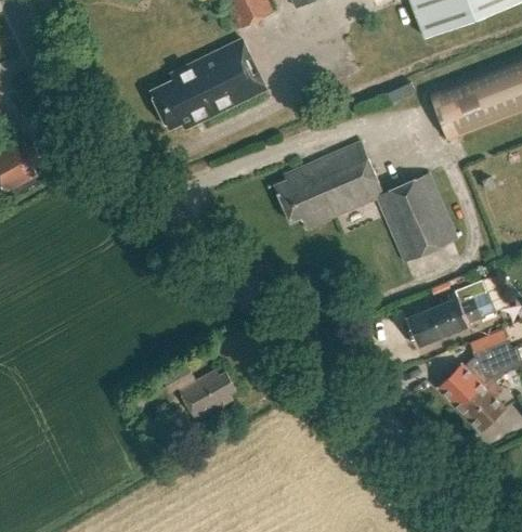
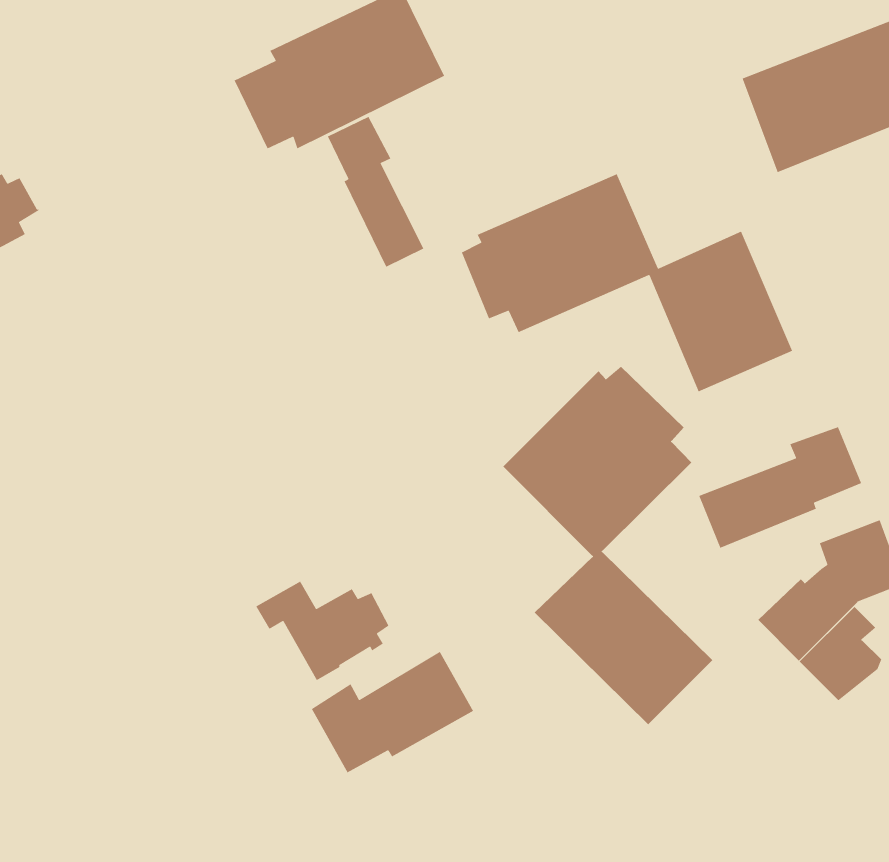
building: none -> [327,116,425,268]
building: none -> [503,366,713,725]
building: none -> [311,651,474,774]

